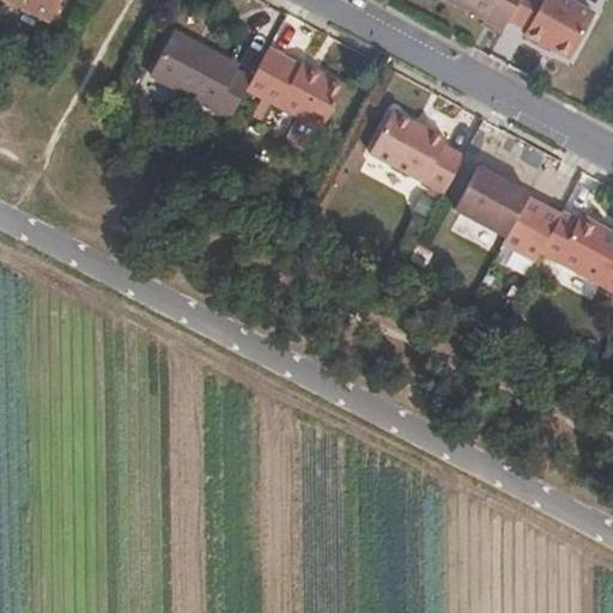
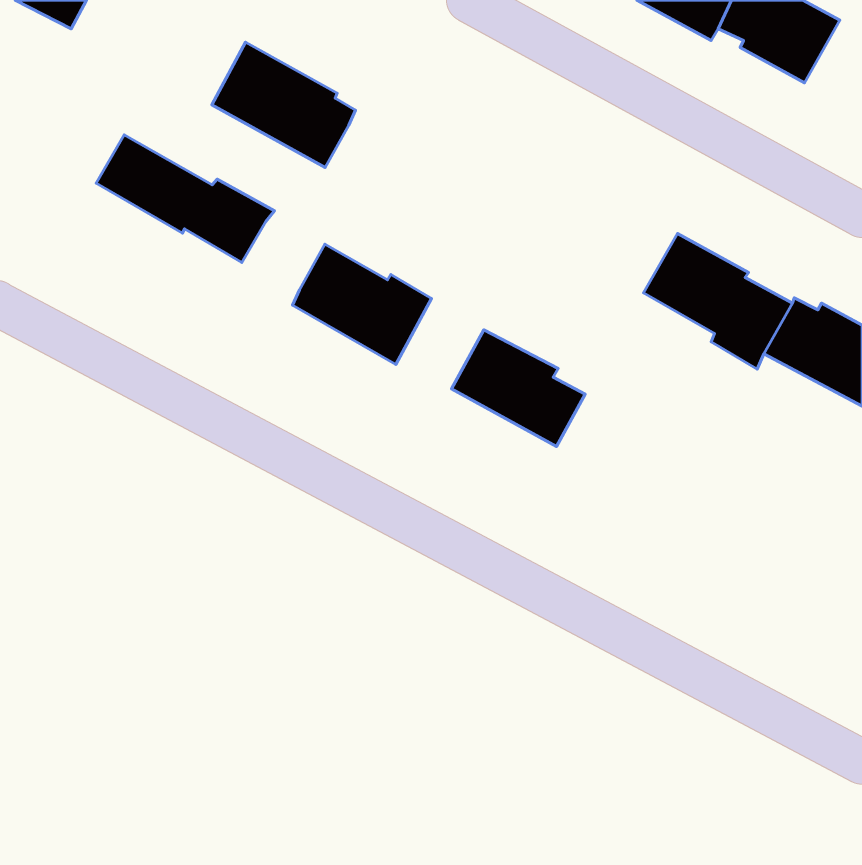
building: [247,45,345,131] -> [293,244,432,364]
building: none -> [96,135,275,262]
building: [370,110,465,193] -> [452,330,585,447]

